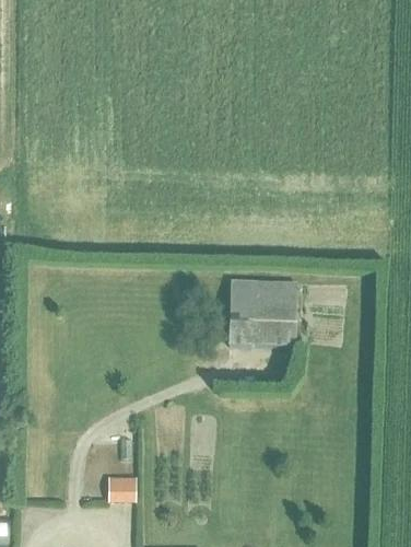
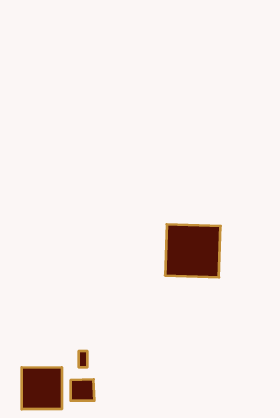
building: none -> [22,367,62,409]

